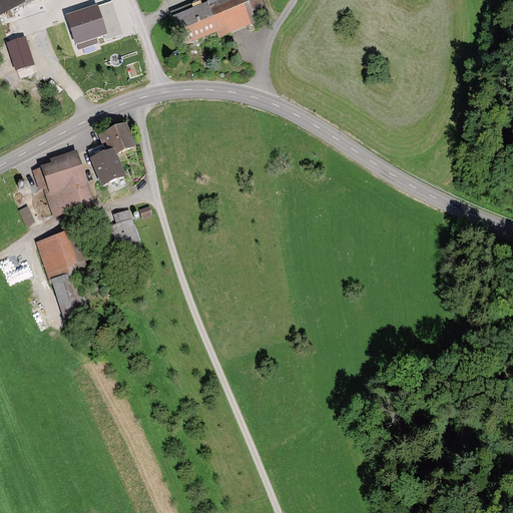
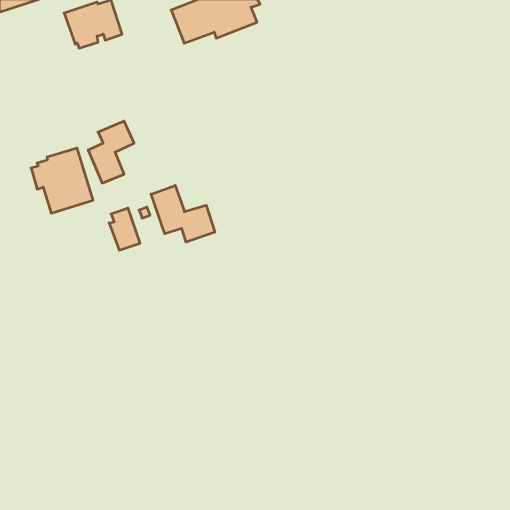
building: [5,35,35,70] -> none
building: none -> [151,185,215,242]
building: [35,228,89,324] -> none

